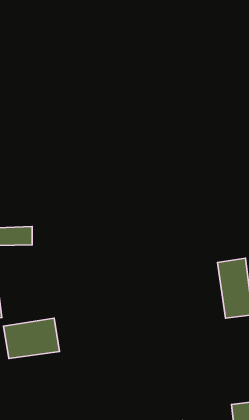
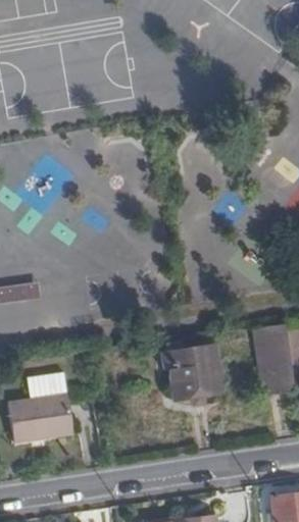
building: none -> [169,347,223,399]

